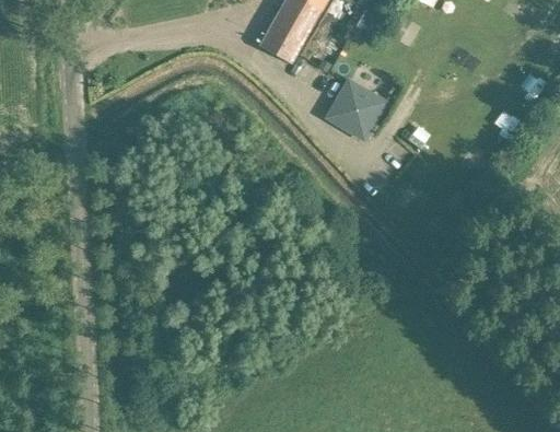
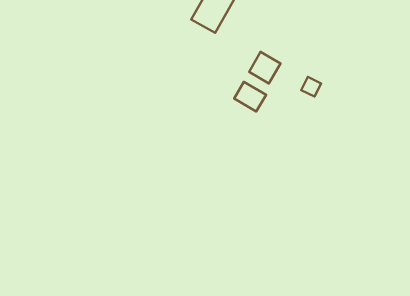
building: none -> [234,82,266,111]

